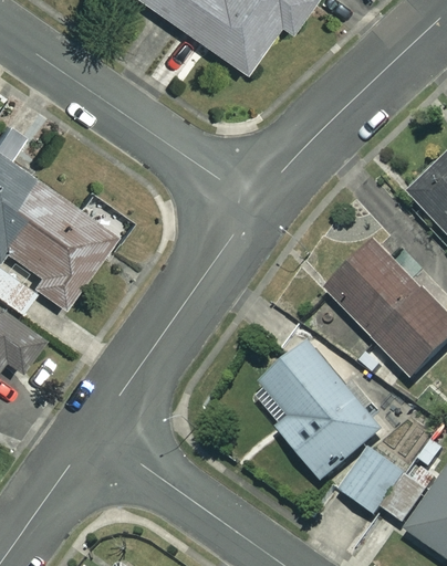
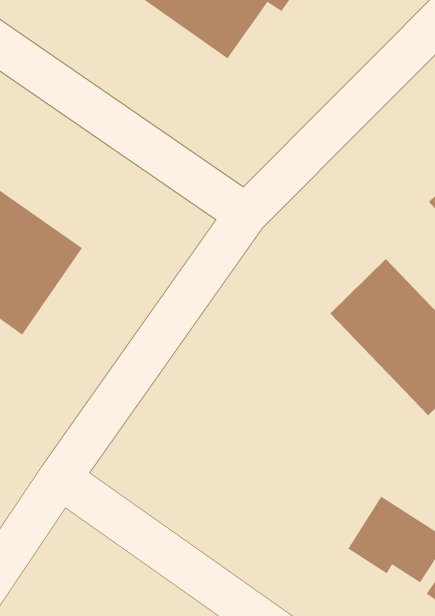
building: [253,345,382,480] -> none

